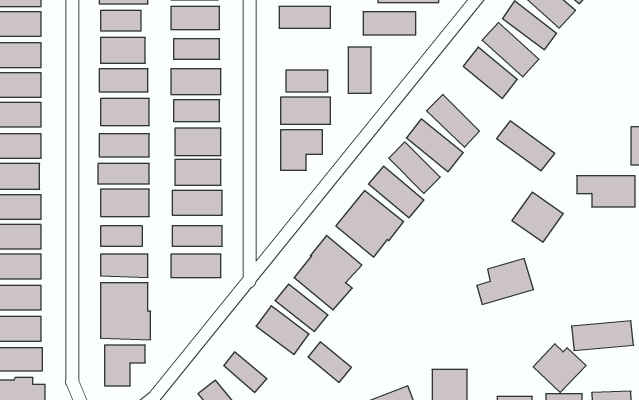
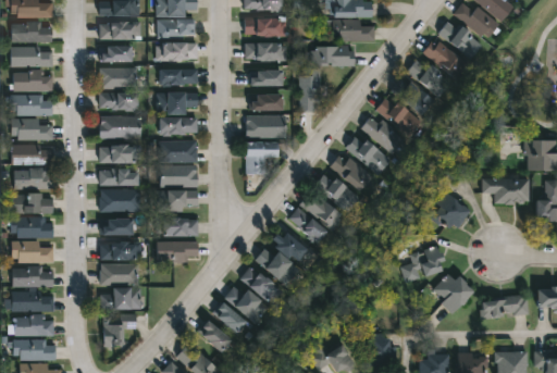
building: none -> [249,70,283,86]
building: [497,121,555,171] -> [375,97,422,137]
building: [308,342,351,382] -> [213,302,248,335]
building: [533,344,586,392] -> [432,273,474,312]

